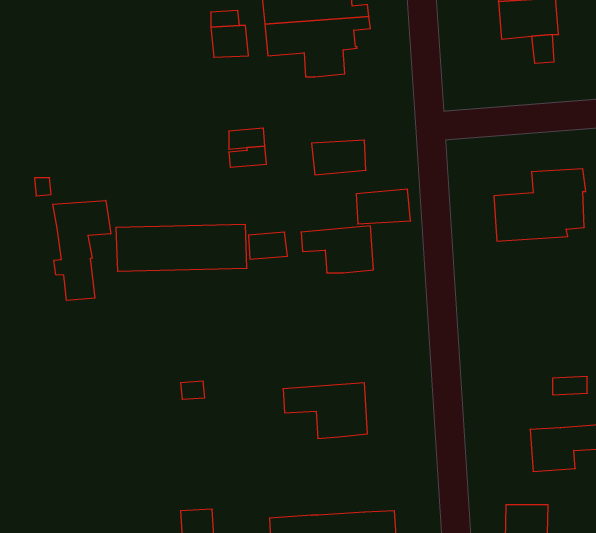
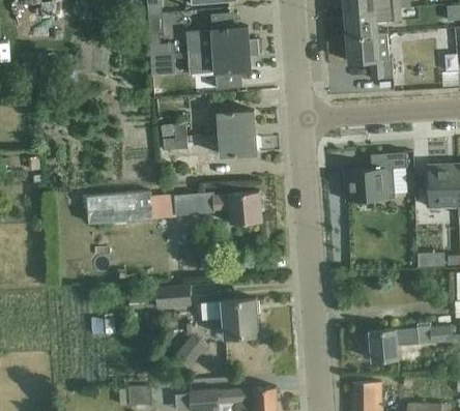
building: [356,189,411,224] -> [218,111,255,135]
building: [53,200,111,300] -> none
building: none -> [154,285,189,307]
building: none -> [174,335,207,369]

